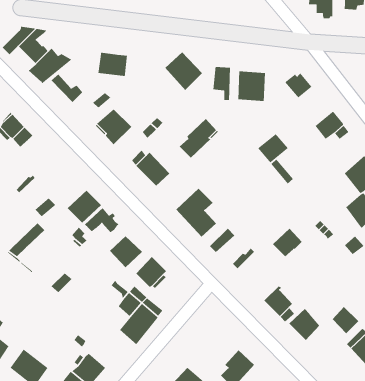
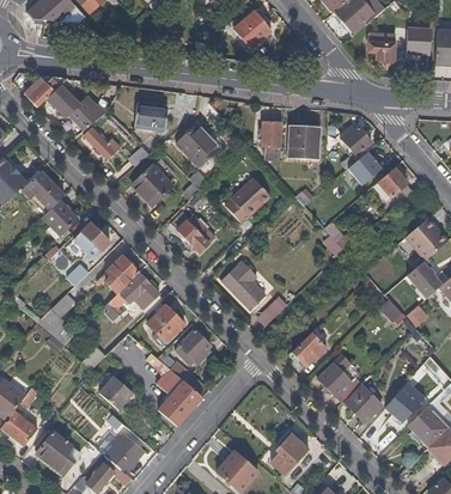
building: [165,52,203,91] -> [176,124,218,167]
building: [257,133,289,164] -> [348,151,383,184]
building: none -> [41,201,75,236]
building: none -> [74,221,110,256]
building: [272,228,303,257] -> [292,334,325,366]
building: none -> [99,374,133,408]

